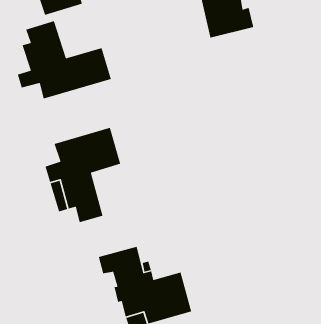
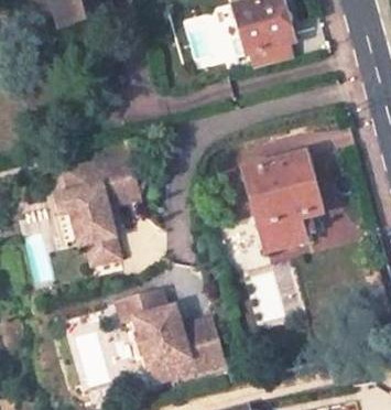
building: [17,20,112,100] -> none
building: none -> [243,157,315,255]

